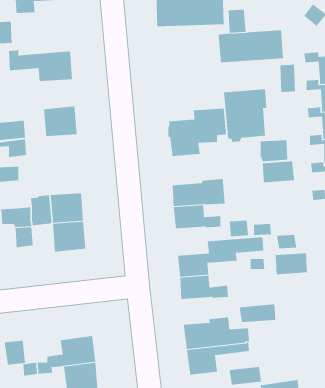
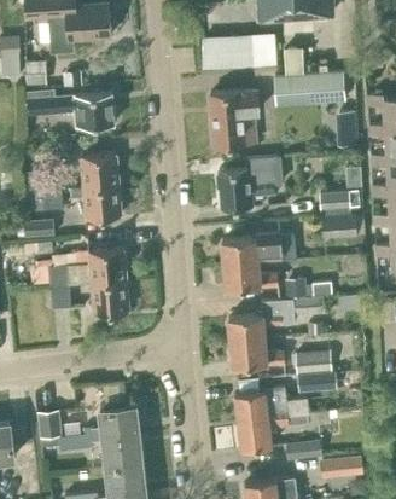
building: [223,89,267,143] -> [210,92,258,151]
building: none -> [83,186,121,220]
building: [275,253,308,275] -> [295,352,331,376]

